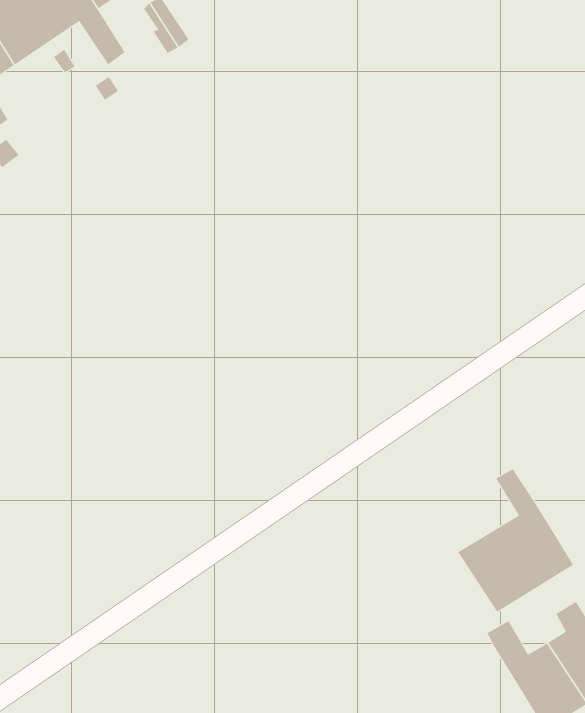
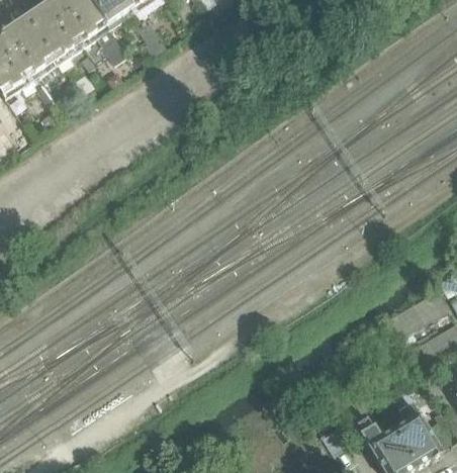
building: [458,468,574,612] -> none

